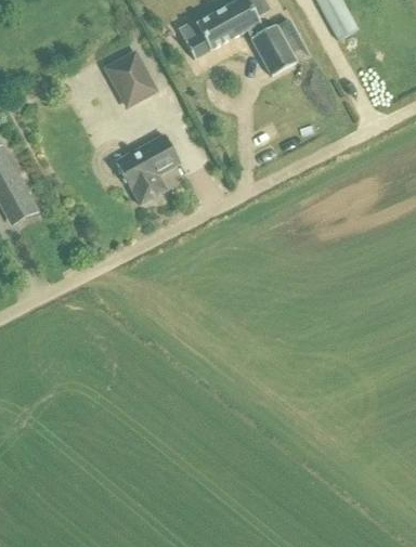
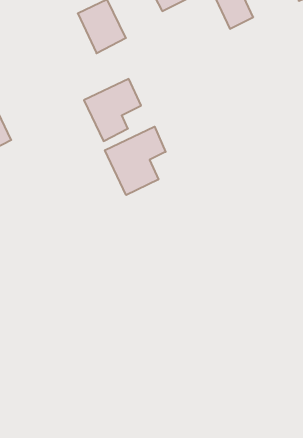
building: none -> [105,127,166,195]

